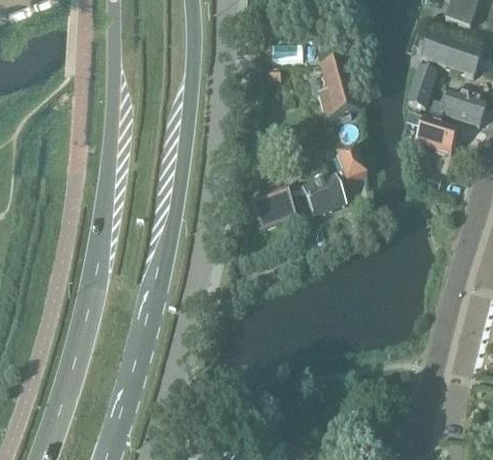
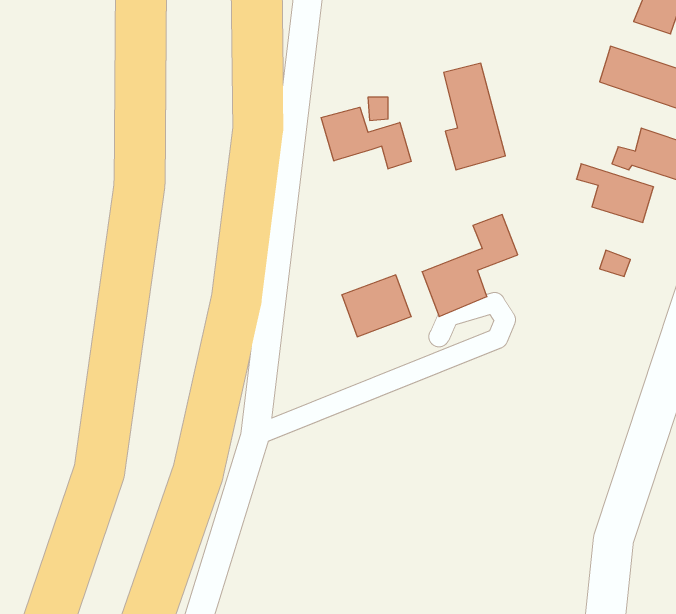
building: [407,64,437,106] -> none
building: none -> [321,107,411,169]

